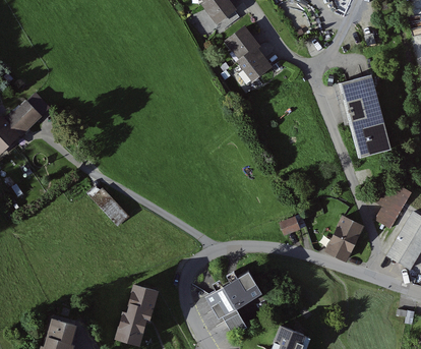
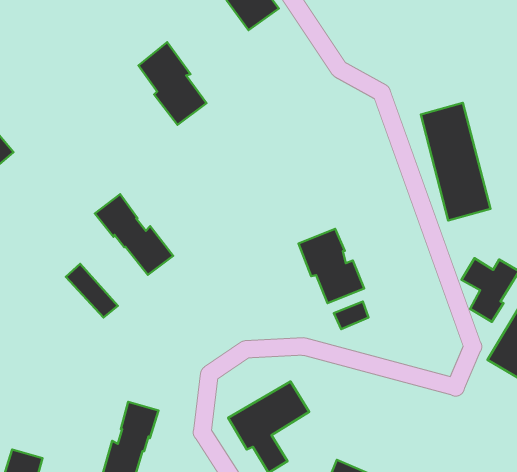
building: [229,24,277,82] -> [138,42,206,125]
building: none -> [95,194,173,275]
building: none -> [298,229,364,303]
building: [325,217,361,259] -> none

